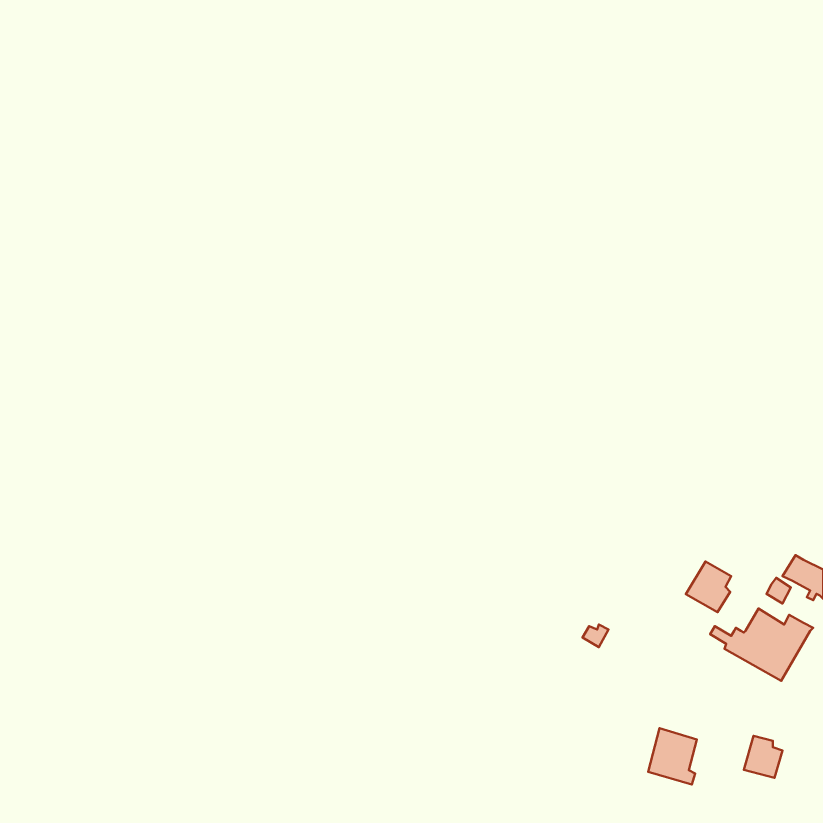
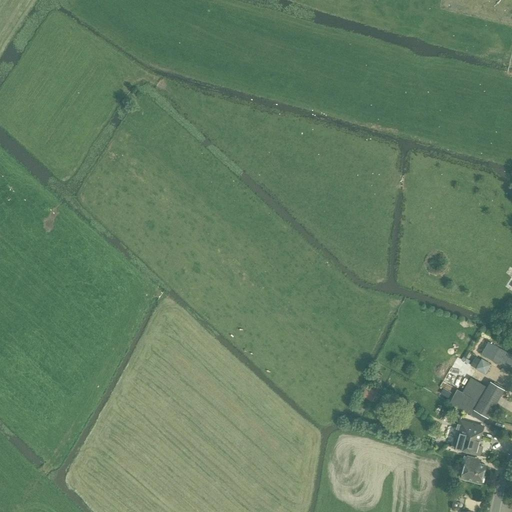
building: [686,562,731,612] -> none
building: [648,728,697,785] -> [452,419,482,454]

